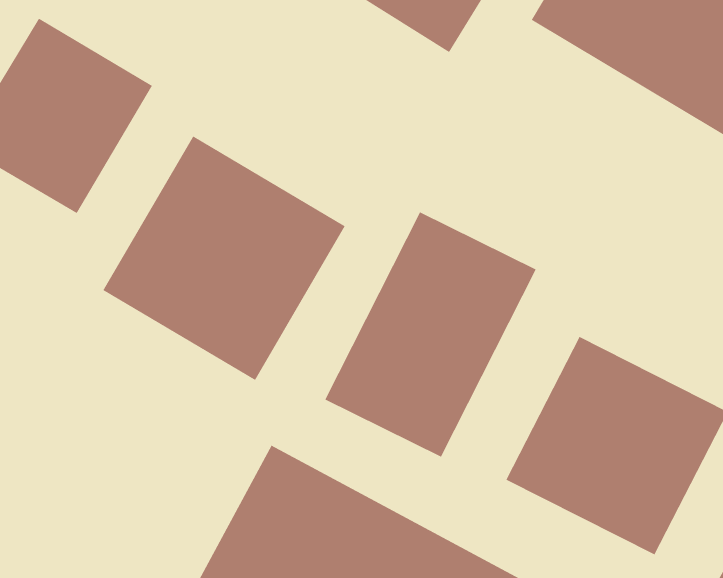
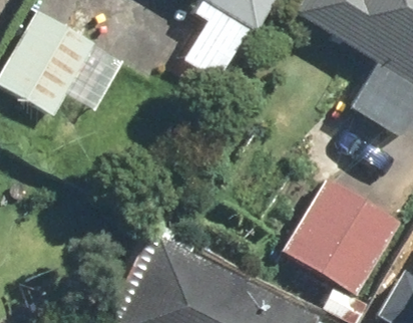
building: [103,136,345,381] -> none
building: [325,211,536,457] -> none

